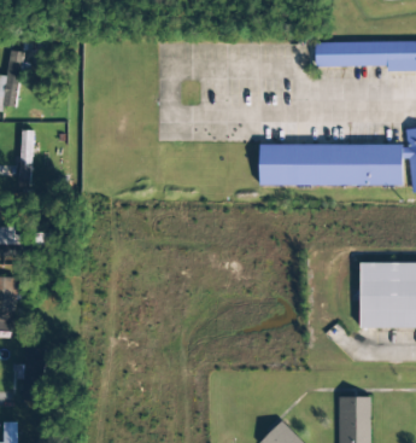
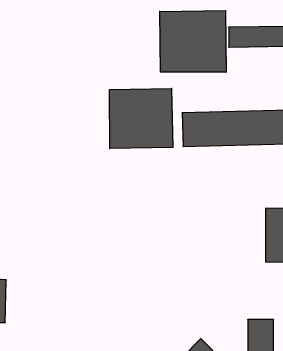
building: none -> [160,11,226,72]
building: none -> [110,88,173,149]

